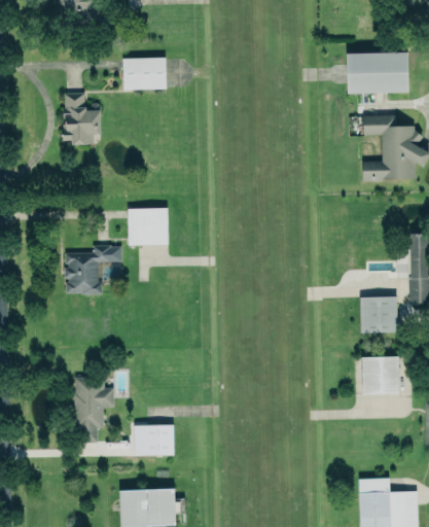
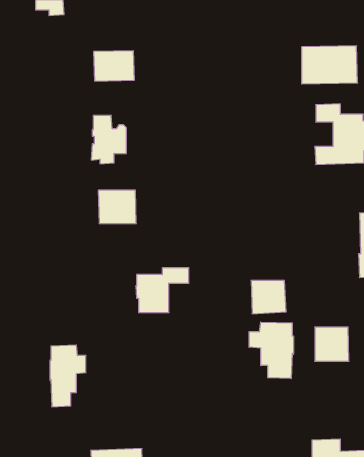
building: [63,92,101,144] -> [91,115,126,164]
building: [64,245,121,293] -> [136,268,189,313]
building: [360,295,398,331] -> [251,280,286,314]
building: none -> [249,322,293,379]
building: [134,424,174,455] -> none

